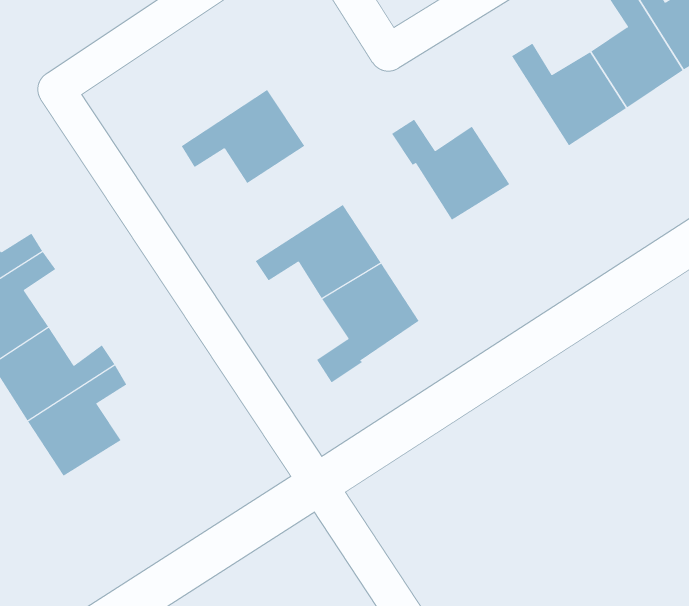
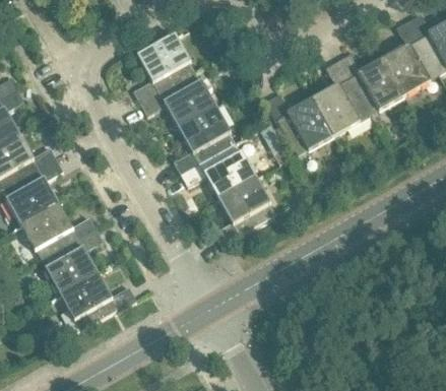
building: none -> [133,32,193,101]
building: none -> [312,59,368,134]
building: none -> [173,105,234,171]
building: none -> [60,271,135,328]

